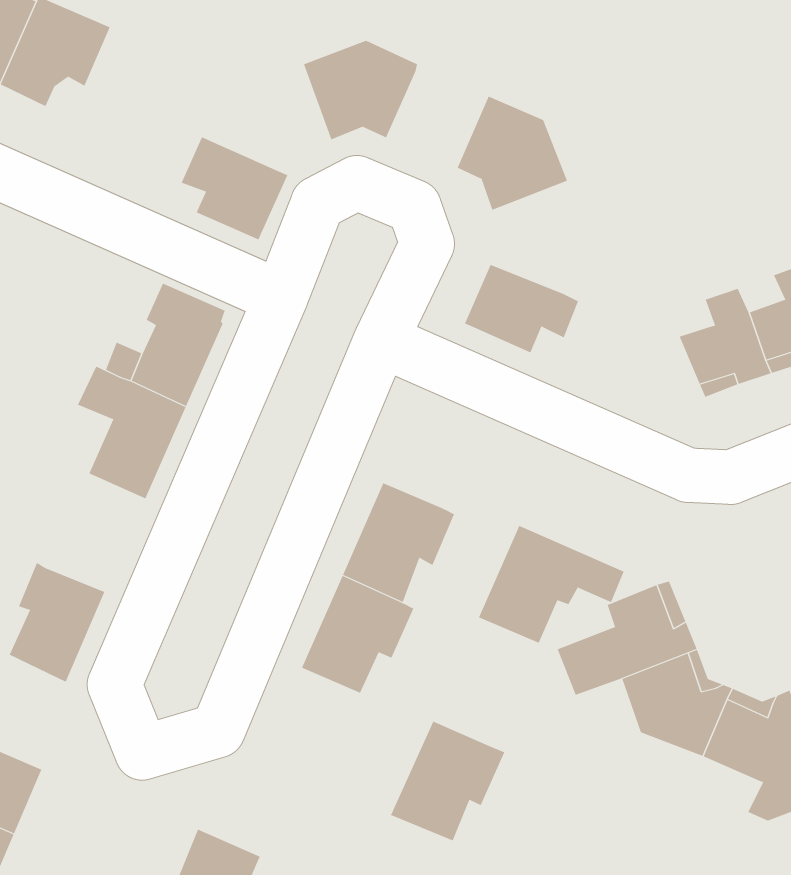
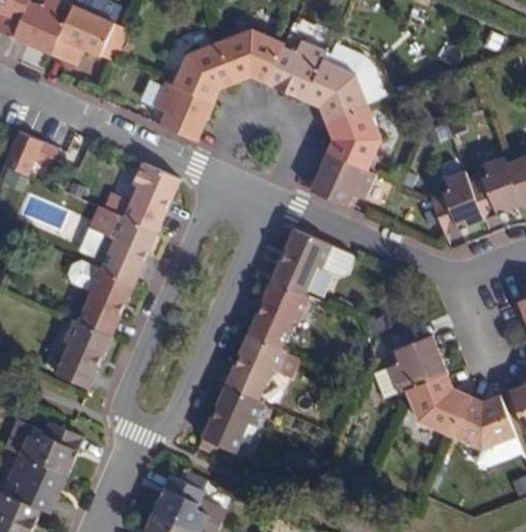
building: none -> [270,39,332,101]
building: none -> [176,43,239,105]
building: none -> [328,108,385,171]
building: none -> [69,263,135,339]
building: [478,525,624,644] -> [268,225,350,292]
building: [390,721,505,841] -> [199,381,263,449]

